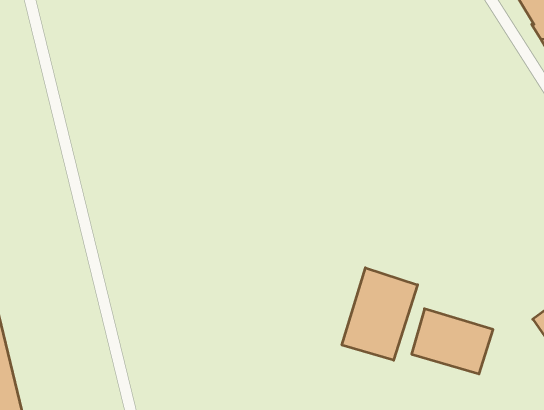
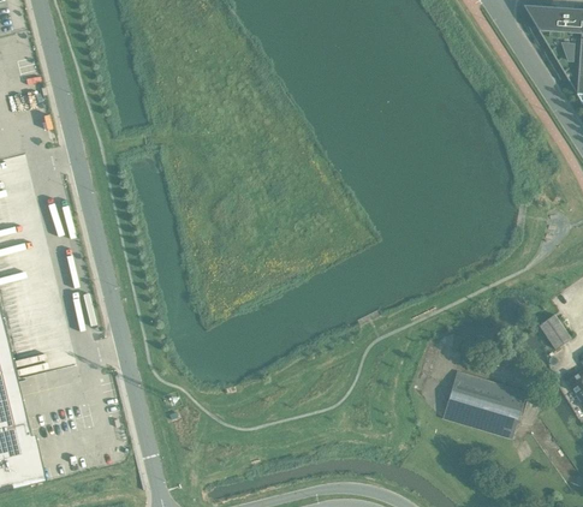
building: none -> [539,311,570,346]
building: [342,268,418,360] -> none

